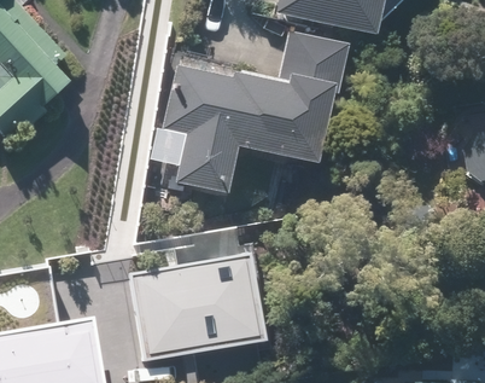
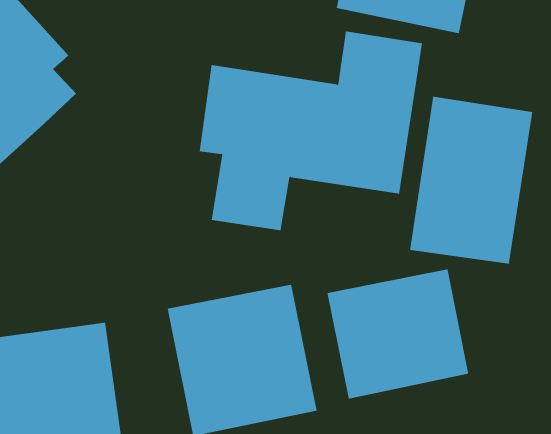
building: none -> [409,96,533,265]
building: none -> [327,268,469,399]

